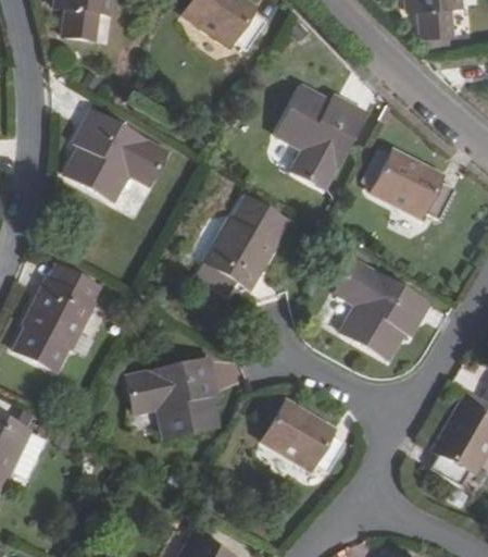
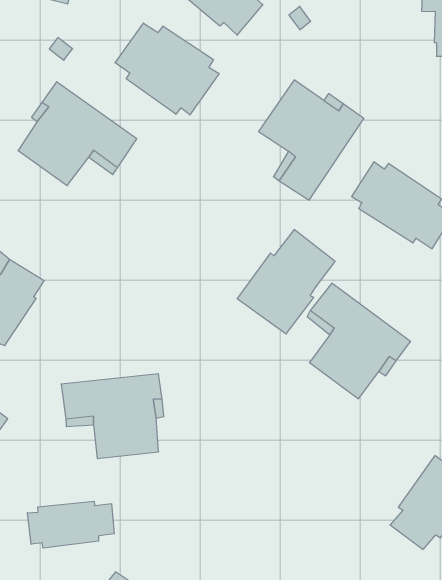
building: none -> [115,23,219,115]
building: [203,195,286,287] -> [237,230,335,334]
building: [260,400,345,472] -> none
building: none -> [27,501,114,548]

